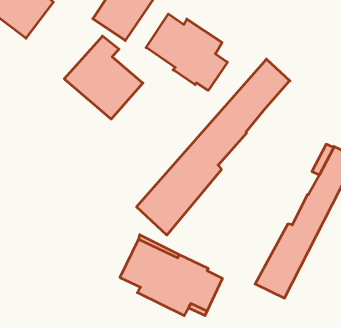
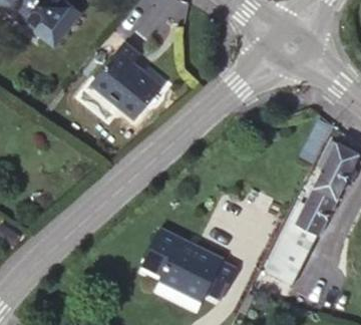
building: [146,14,227,90] -> none
building: [137,59,290,235] -> none

